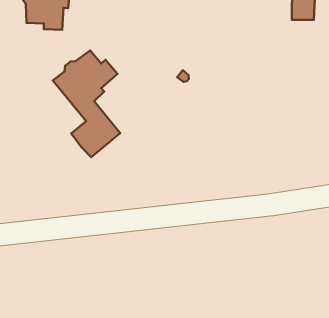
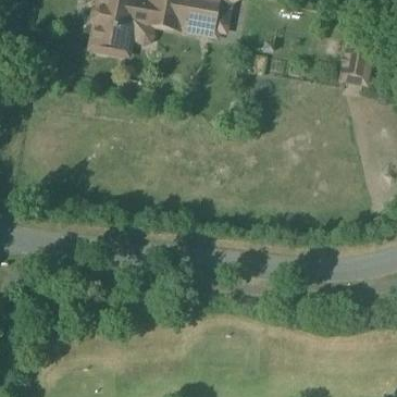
building: [53,50,120,157] -> none

